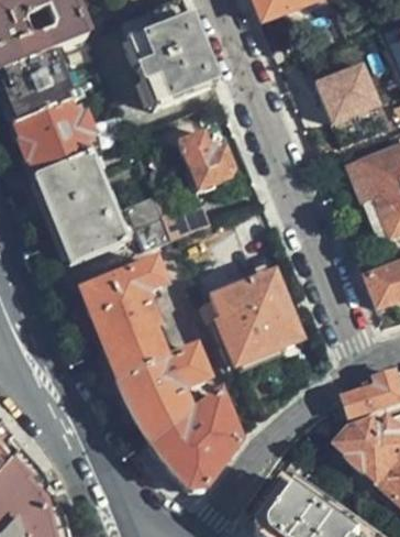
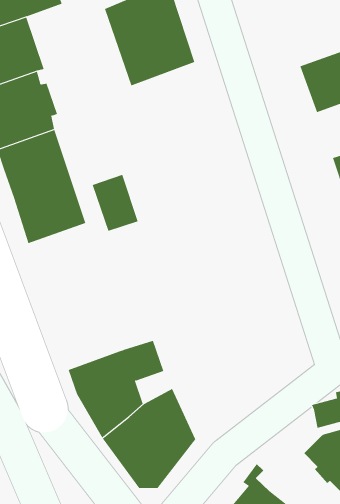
building: [180,130,233,186] -> none
building: [79,261,164,381] -> none
building: [210,274,297,361] -> none

